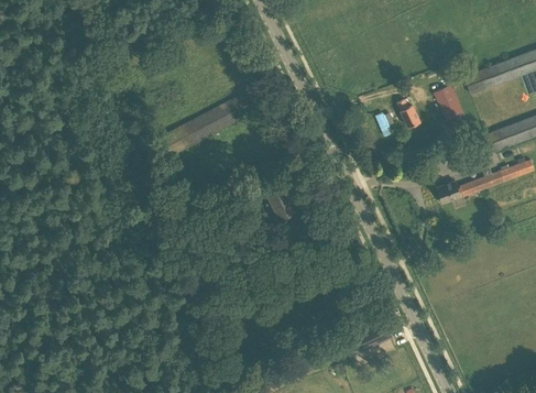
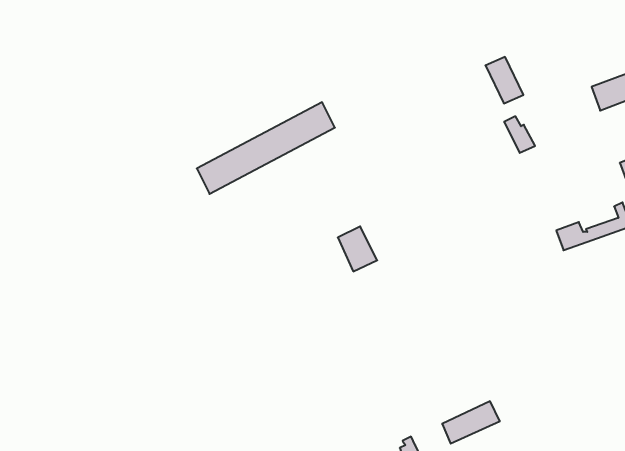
building: [435,85,464,121] -> [485,57,523,103]

